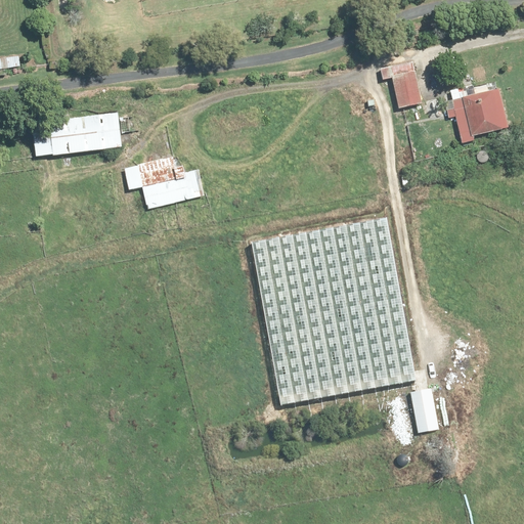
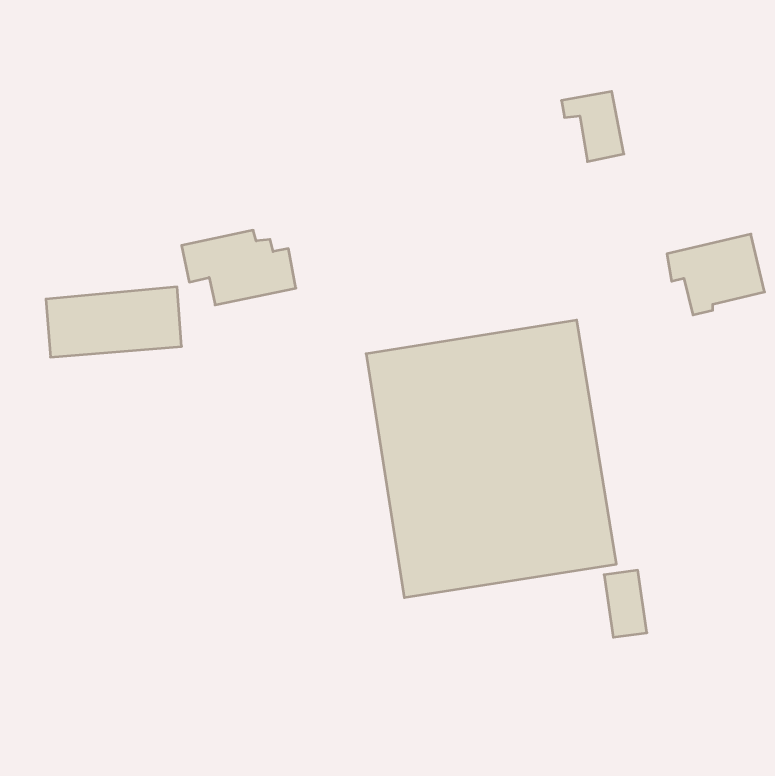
building: [444,88,510,142] -> [667,234,765,315]
building: [34,112,125,159] -> [46,287,182,357]

